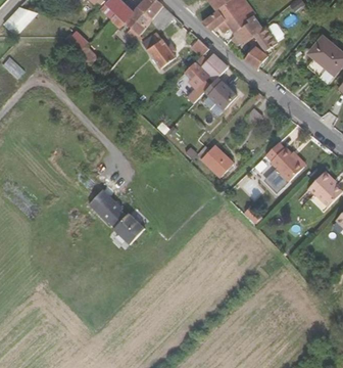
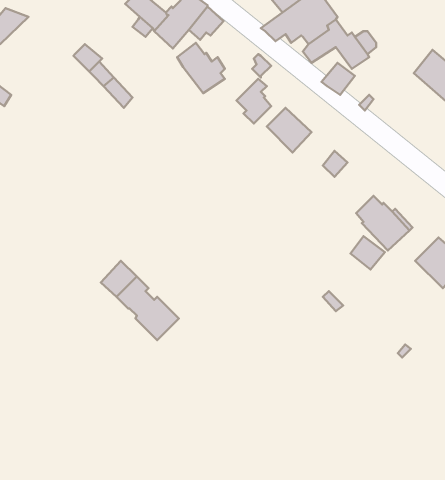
building: [200,53,228,82] -> none
building: [195,145,233,177] -> none

